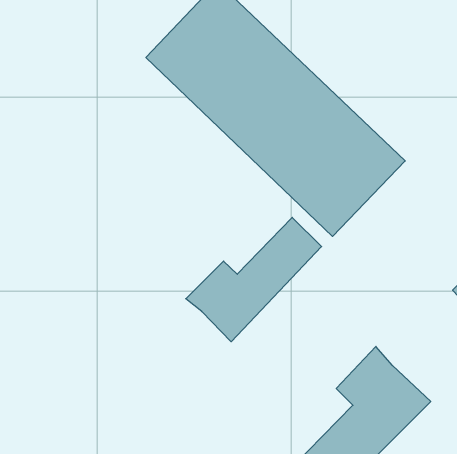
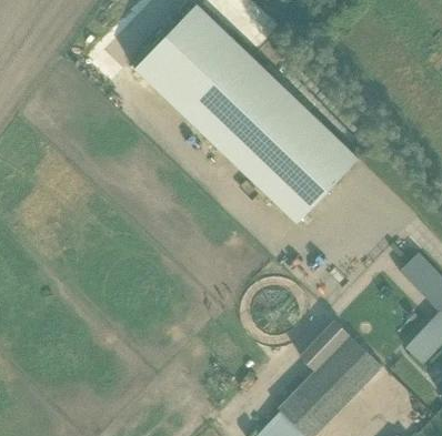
building: [186,217,322,342] -> none

